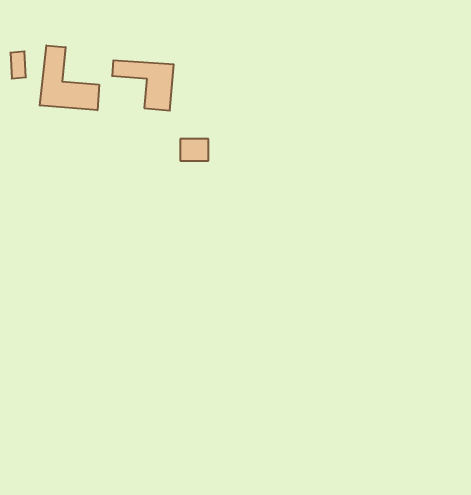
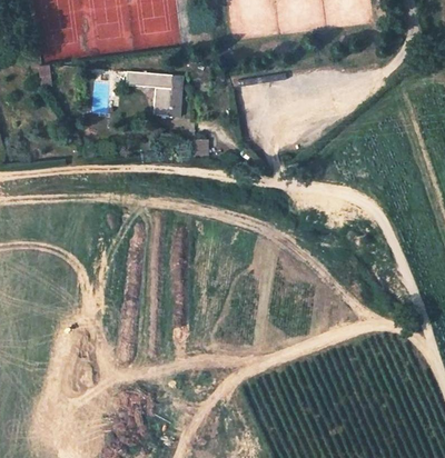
building: [40,45,99,110] -> none

